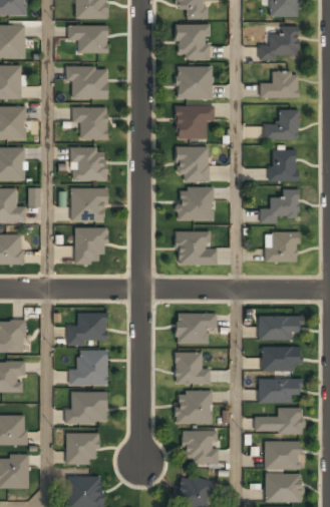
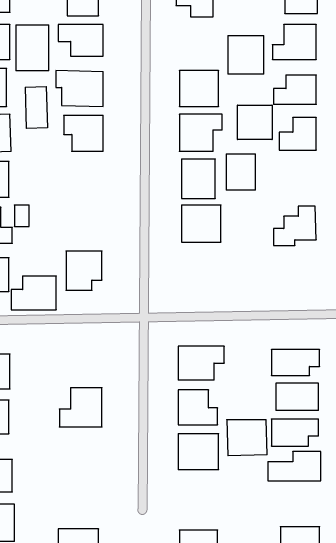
building: [177,25,209,59] -> [228,36,264,74]
building: none -> [16,25,49,71]
building: none -> [25,87,47,128]
building: none -> [238,105,272,140]
building: [70,148,106,180] -> none
building: [270,148,296,180] -> [226,154,255,190]
building: [70,189,106,221] -> none
building: [265,231,298,263] -> none
building: [175,232,216,265] -> none
building: [67,314,107,344] -> [11,276,56,310]
building: [65,393,106,424] -> none
building: [181,432,217,464] -> [227,420,267,456]
building: [65,434,97,464] -> none
building: [266,443,300,468] -> none

